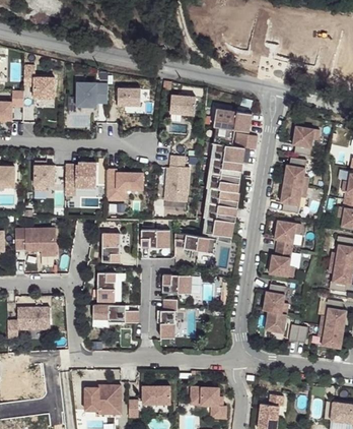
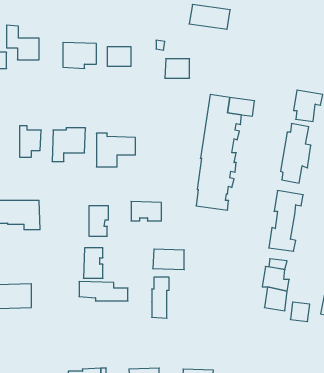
building: [213,109,252,132] -> [189,4,230,29]
building: [163,156,189,204] -> none
building: [174,233,217,254] -> none

